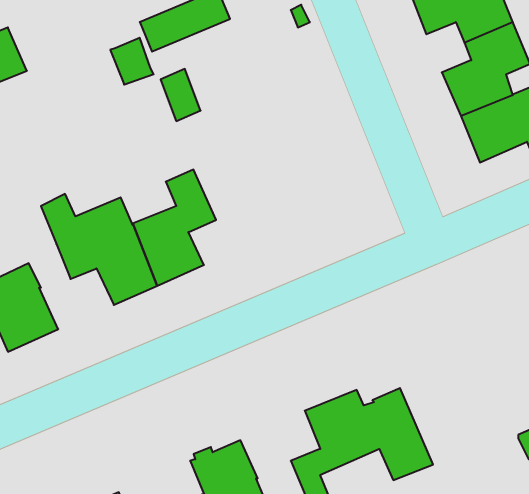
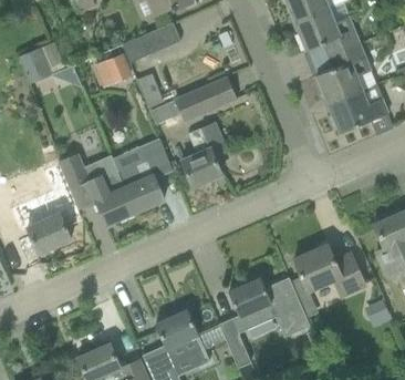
building: none -> [149,76,237,124]
building: none -> [181,122,227,186]
building: none -> [293,244,365,297]

